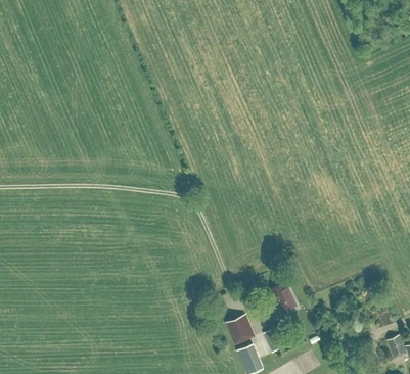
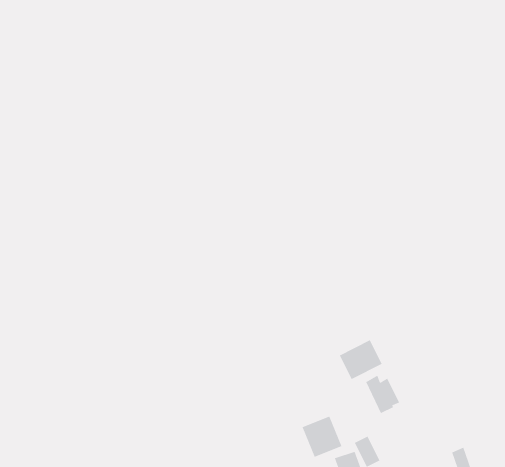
building: none -> [339,339,383,380]

